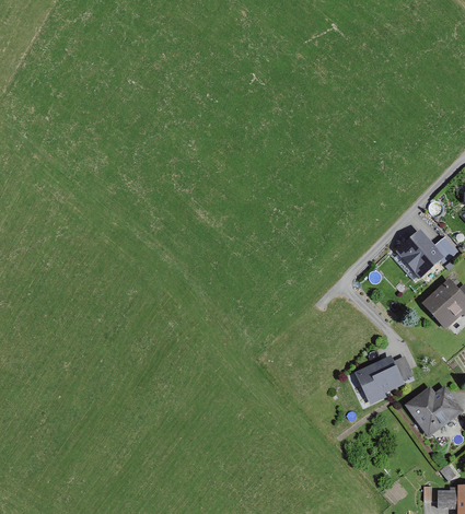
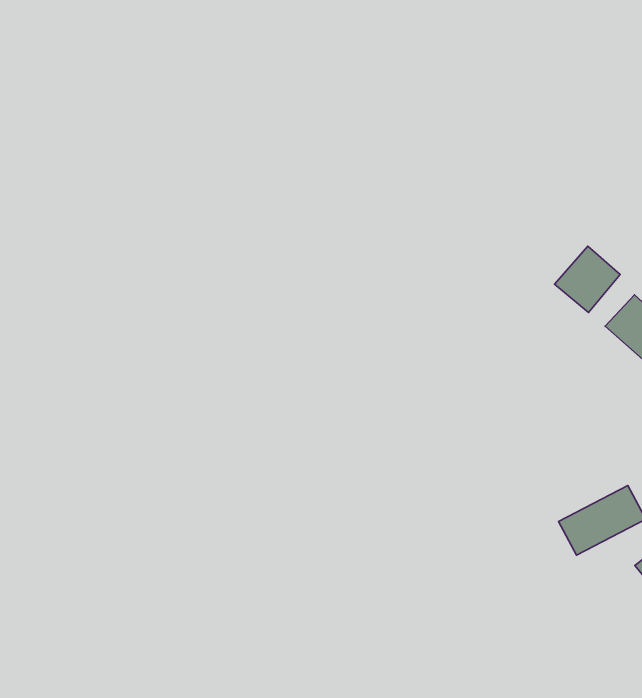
building: none -> [555,246,620,312]

